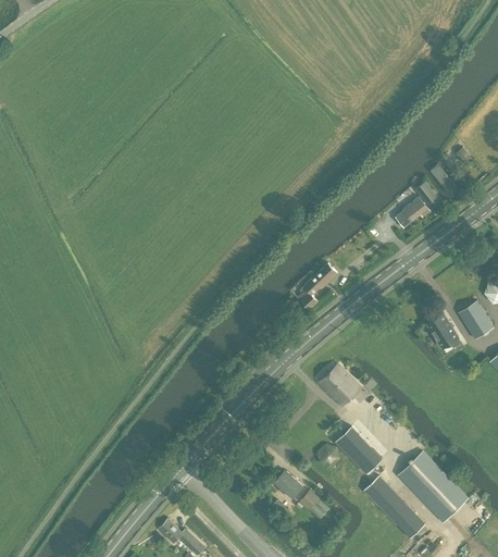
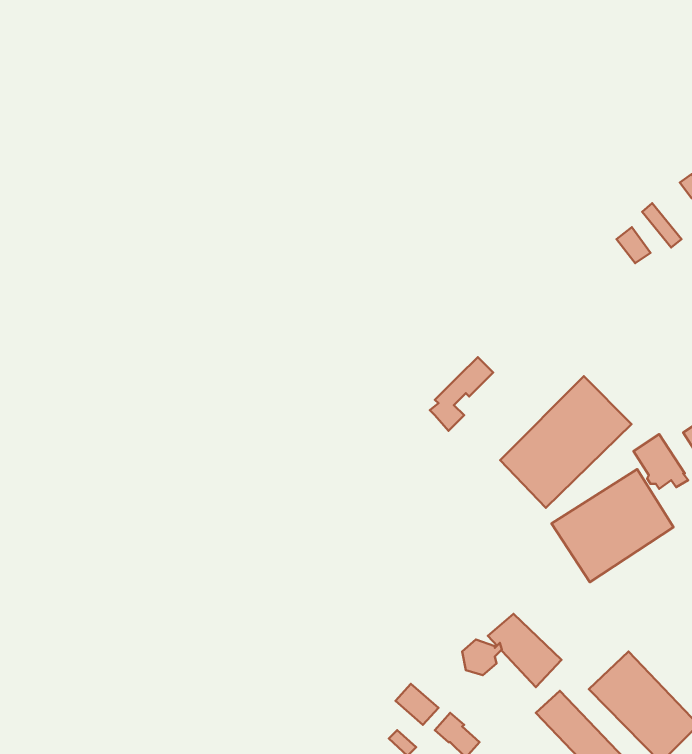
building: [395,196,429,226] -> none
building: none -> [500,376,632,508]
building: none -> [551,469,674,582]
building: [319,363,362,406] -> none

